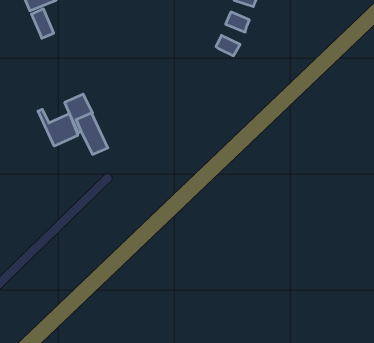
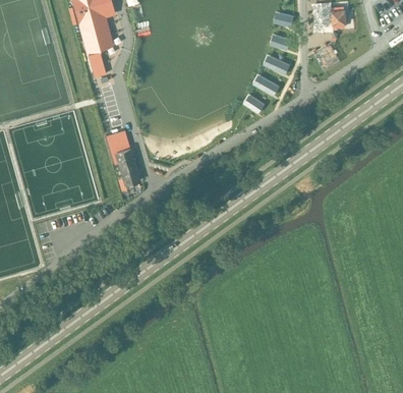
building: [38,109,78,146] -> none

